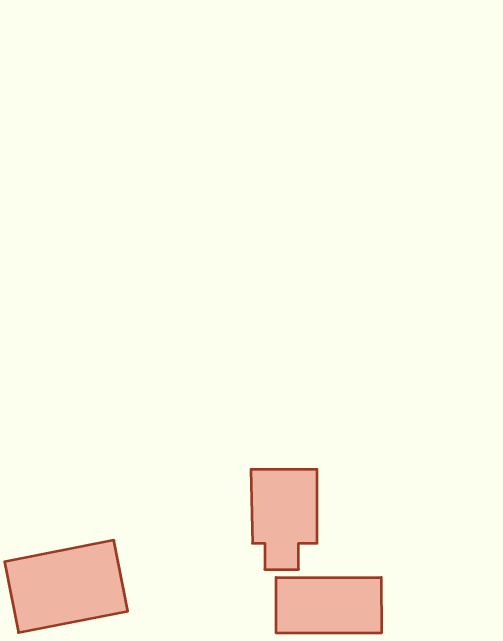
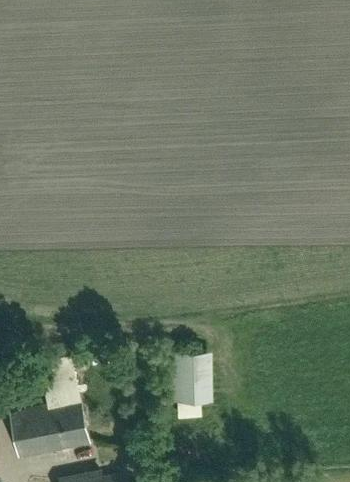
building: [276,577,381,633] -> none

